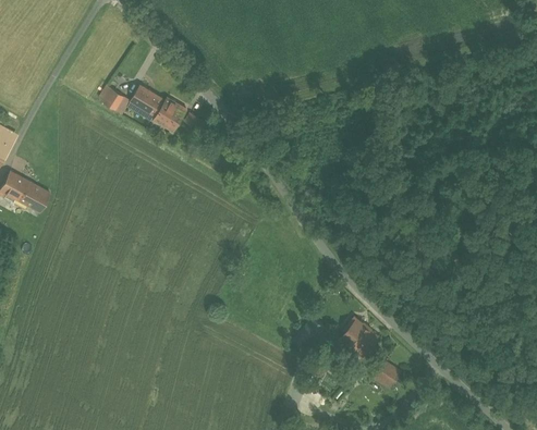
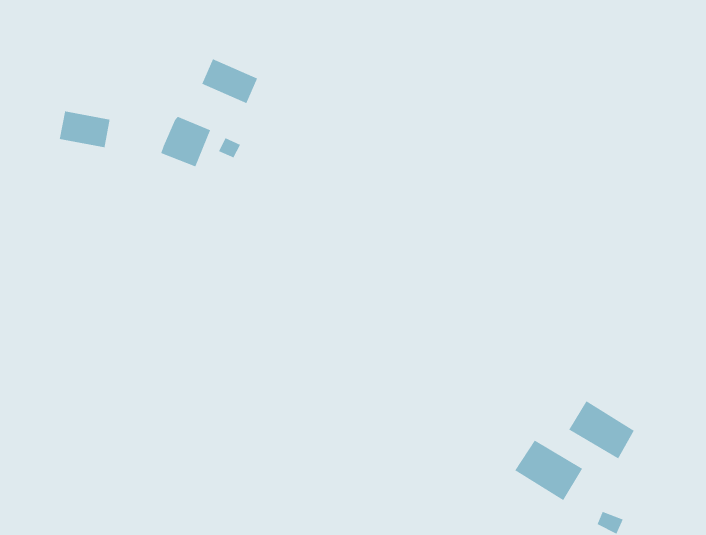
building: [133,89,167,119] -> [201,58,258,104]
building: none -> [568,400,635,460]

